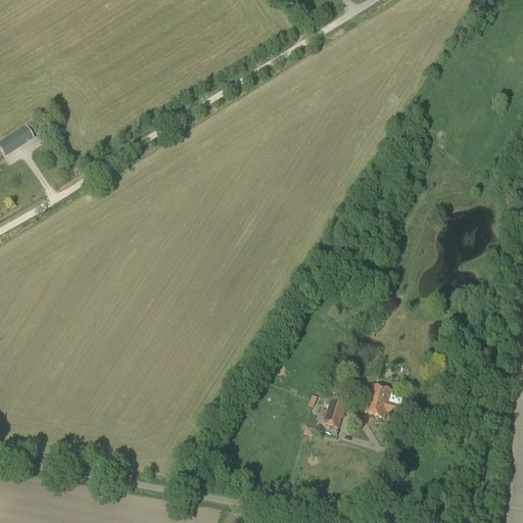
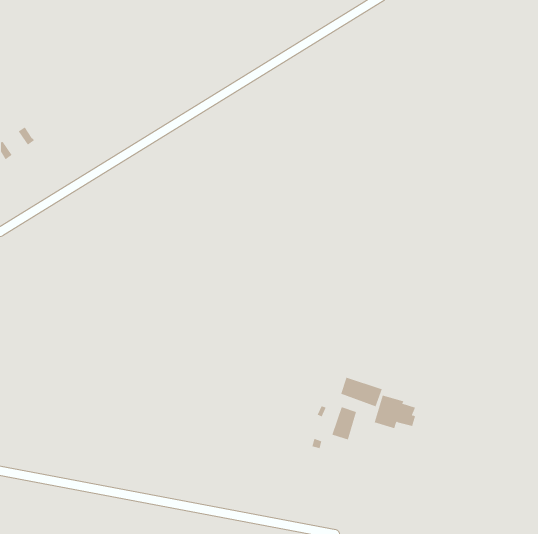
building: none -> [340,377,382,407]

